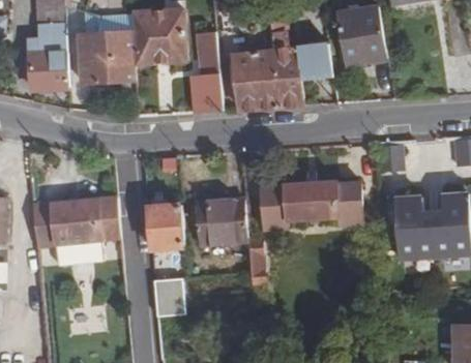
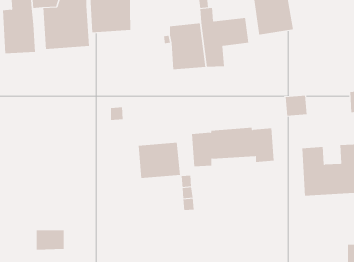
building: [190,31,223,113] -> none
building: [33,195,120,263] -> none
building: [149,198,185,248] -> none
building: [153,276,185,315] -> none

